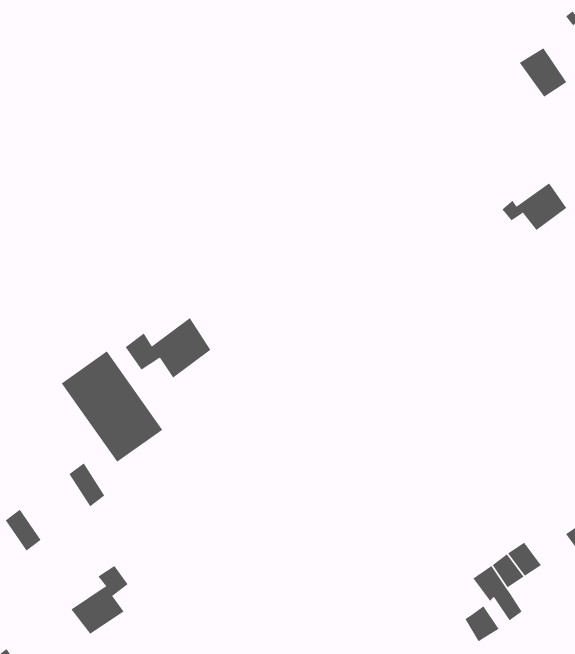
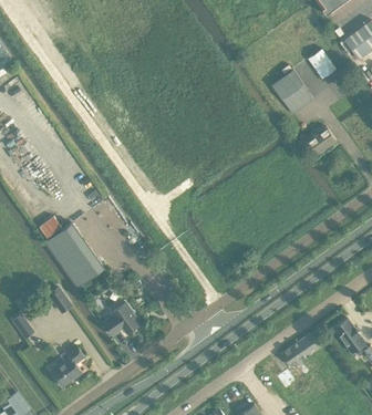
building: none -> [272,71,313,114]
building: [125,317,211,378] -> none
building: none -> [103,303,142,336]

